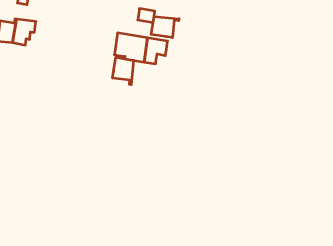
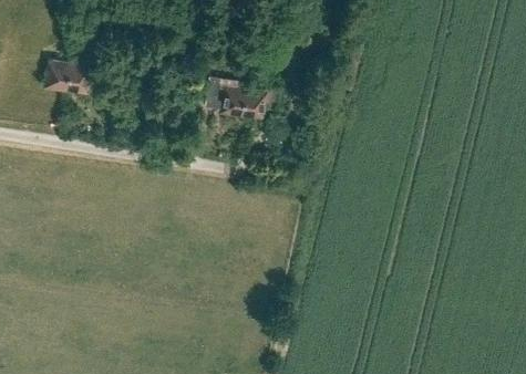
building: [151,16,179,38] -> none
building: [113,57,134,85] -> none

